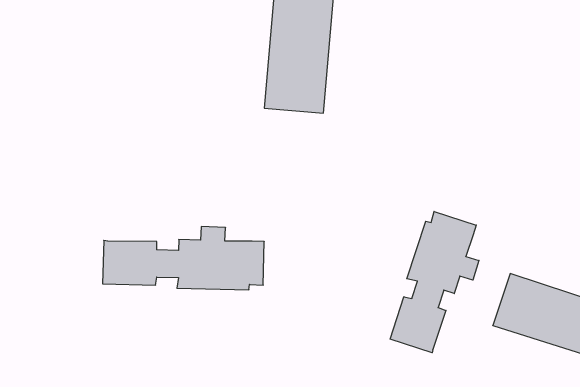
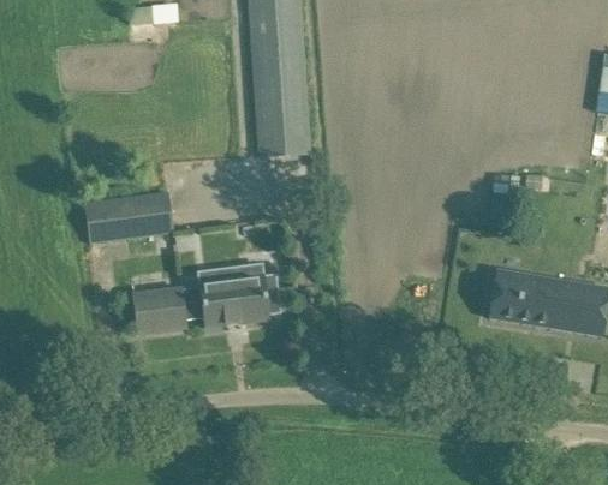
building: none -> [85,191,174,241]
building: [390,211,479,353] -> none

